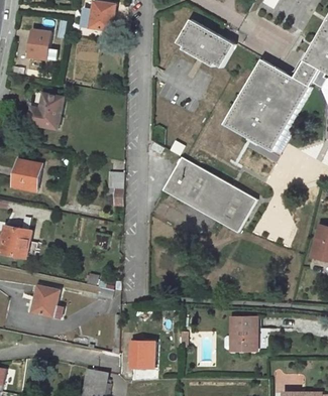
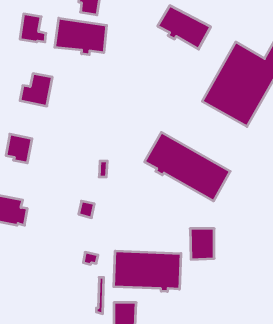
building: none -> [55,18,107,55]
building: [33,285,62,317] -> none
building: none -> [114,251,181,292]
building: [229,317,255,351] -> [190,229,214,259]

